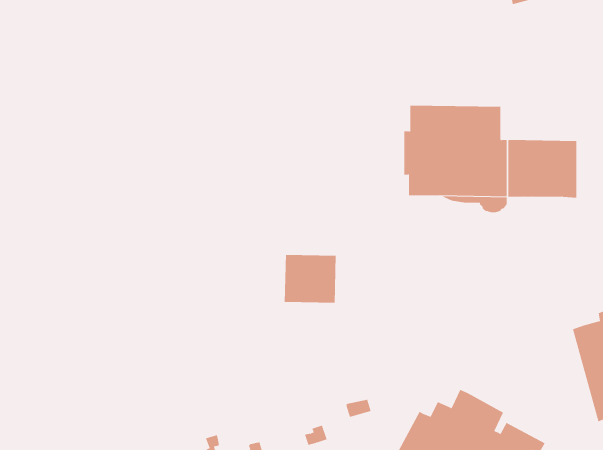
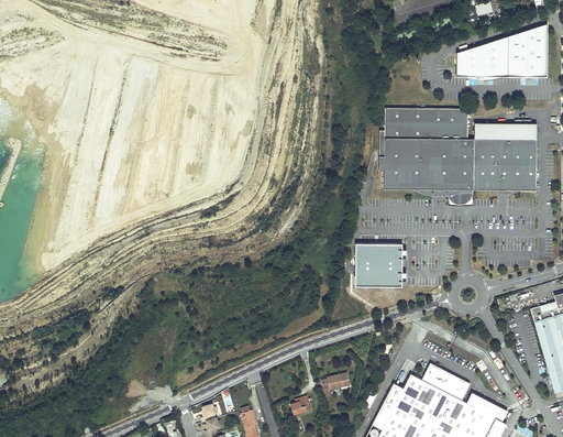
building: none -> [457,23,548,77]
building: none -> [474,123,536,140]
building: [284,254,337,303] -> [355,244,402,288]

